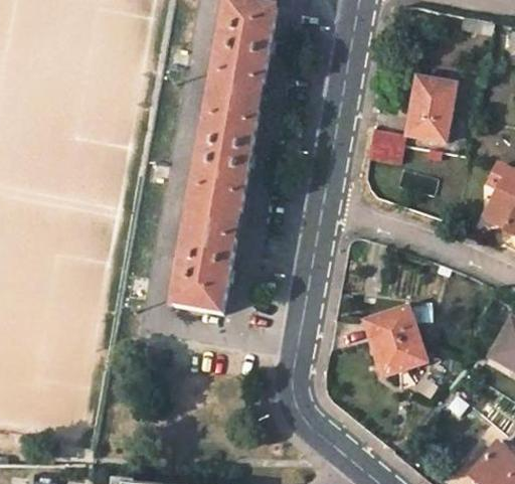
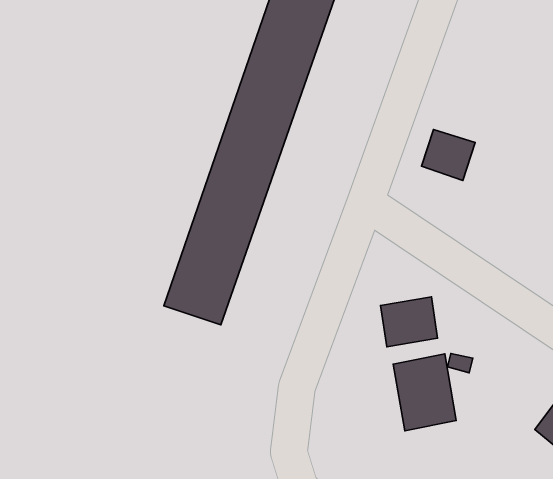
building: [404,76,451,141] -> none
building: none -> [381,297,438,347]

